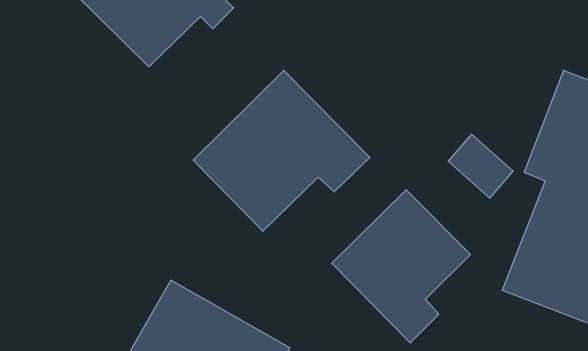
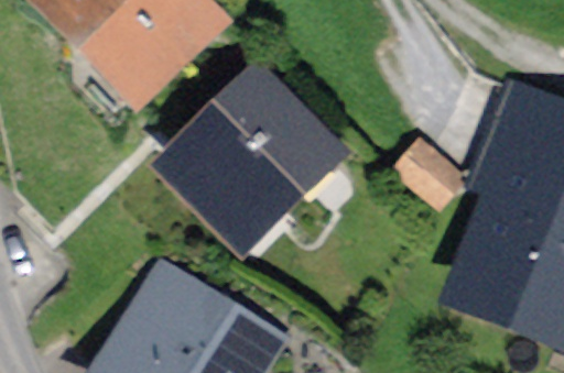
building: [332,190,470,343] -> none

